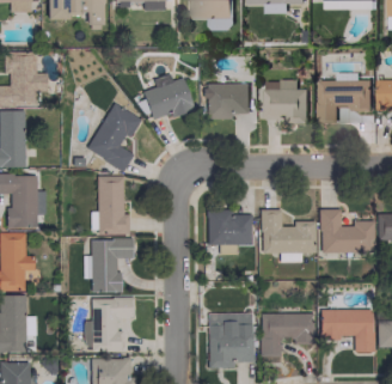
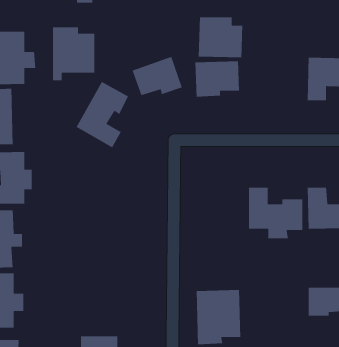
building: none -> [52,26,95,81]
building: [265,80,311,122] -> [198,17,243,58]
building: [98,176,130,234] -> none
building: [208,212,252,255] -> none
building: [92,239,134,292] -> none
building: [86,297,135,352] -> none
building: [261,313,314,358] -> none

